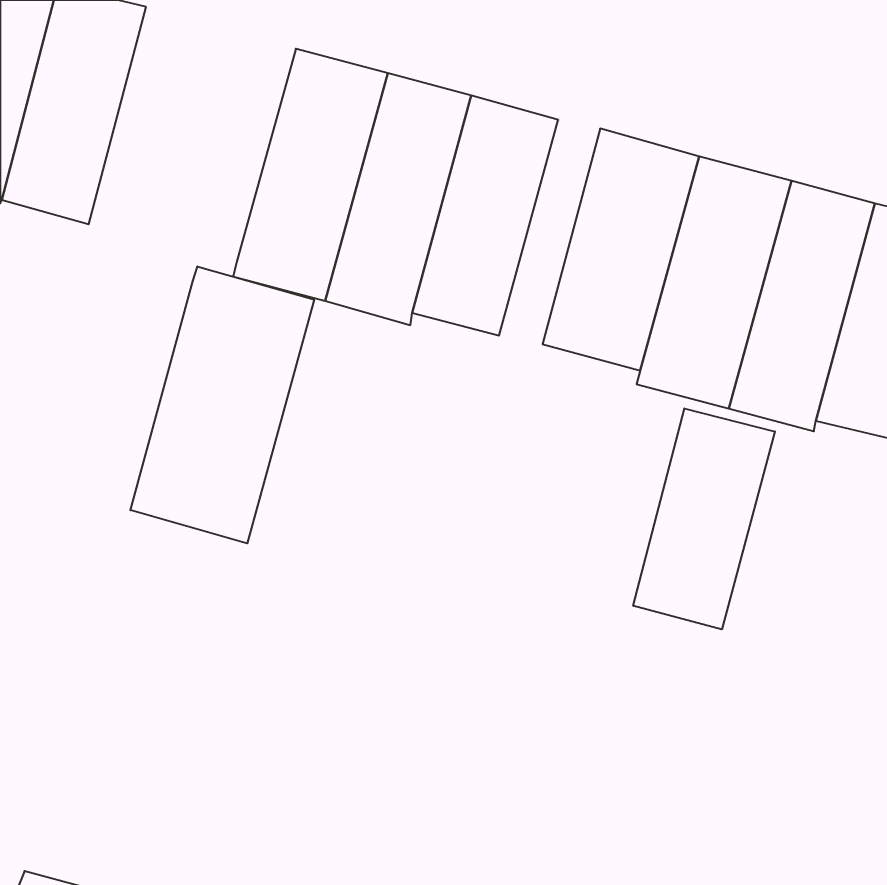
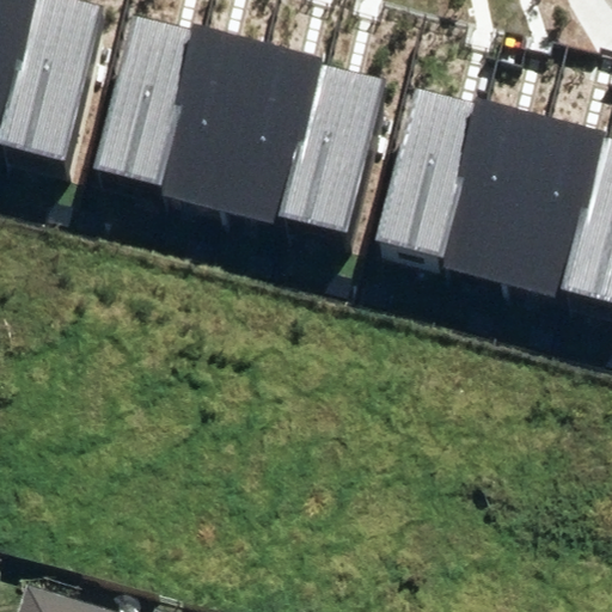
building: none -> [97,18,204,183]
building: [130,266,314,543] -> none
building: [633,408,775,629] -> none

